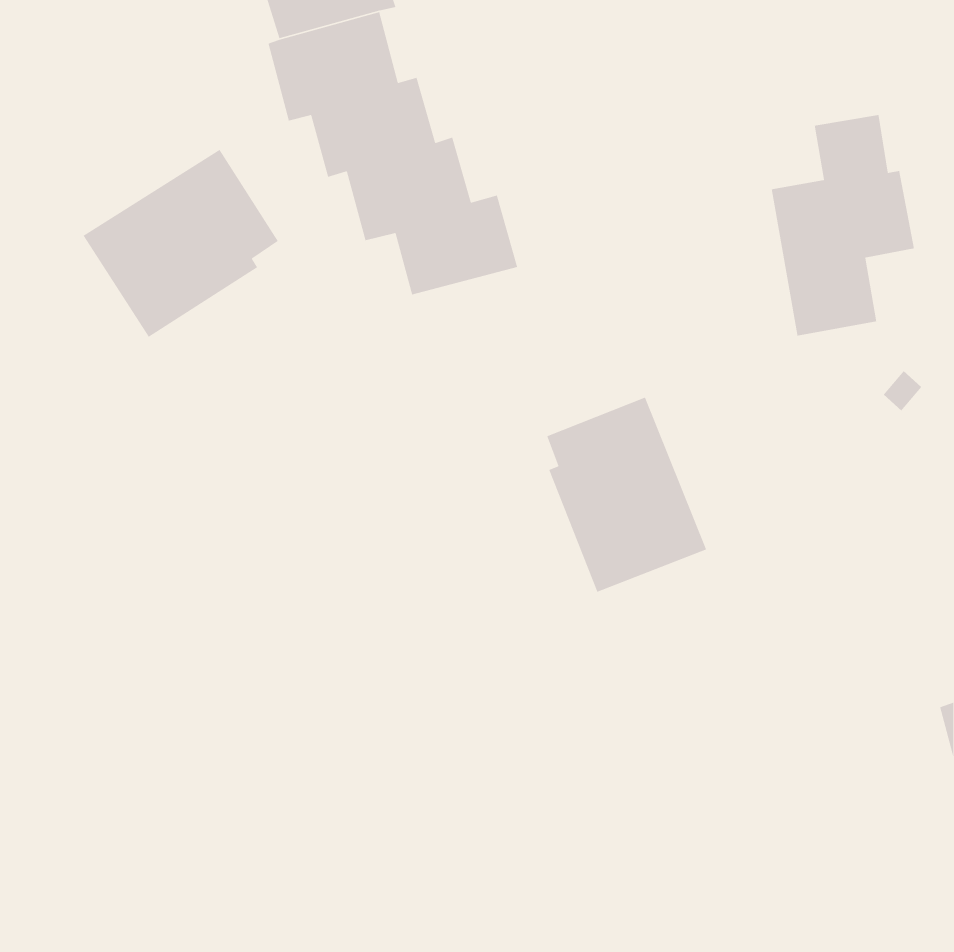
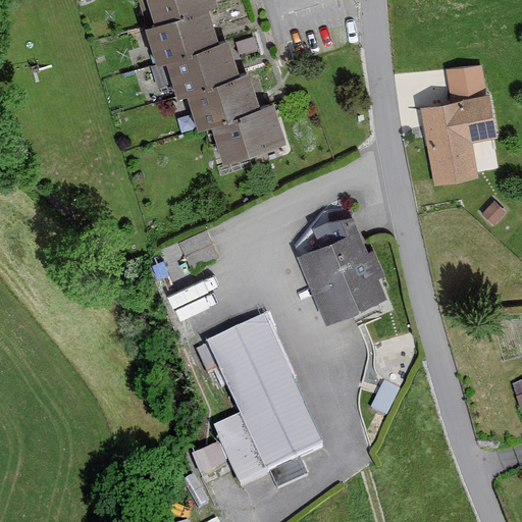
building: [82,149,279,338] -> none
building: none -> [209,321,321,482]

